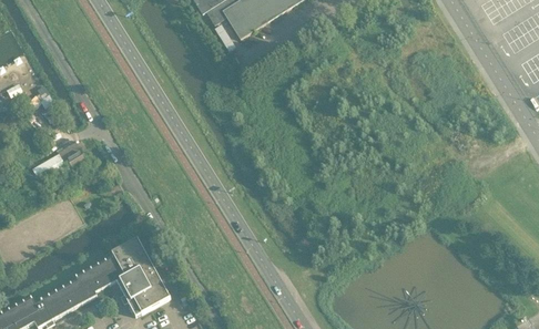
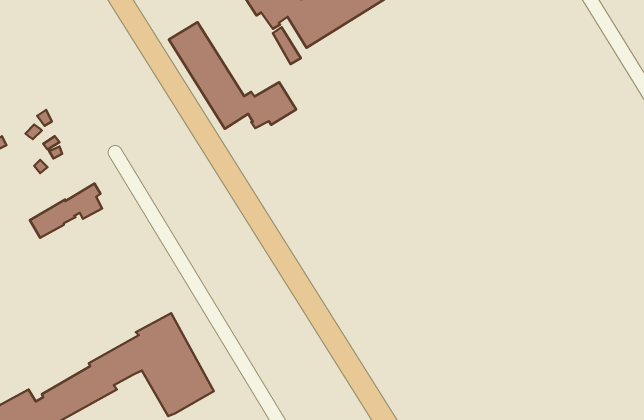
building: none -> [169,22,296,129]

